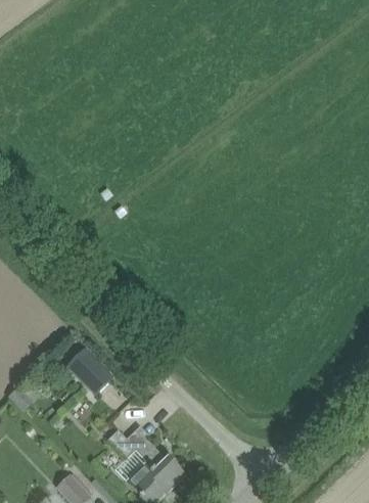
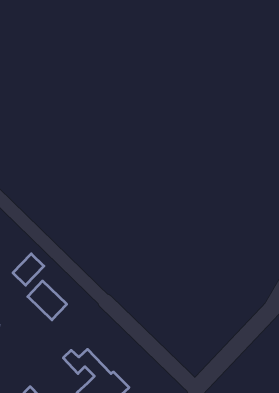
building: none -> [13,254,44,285]

